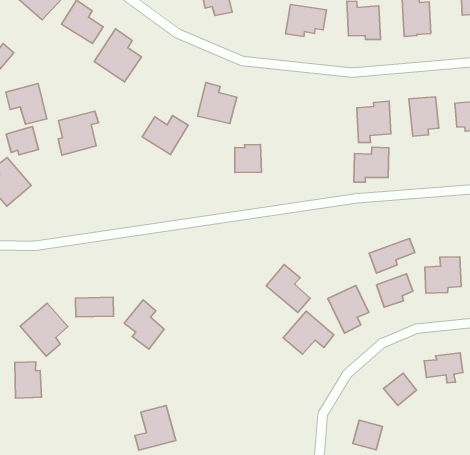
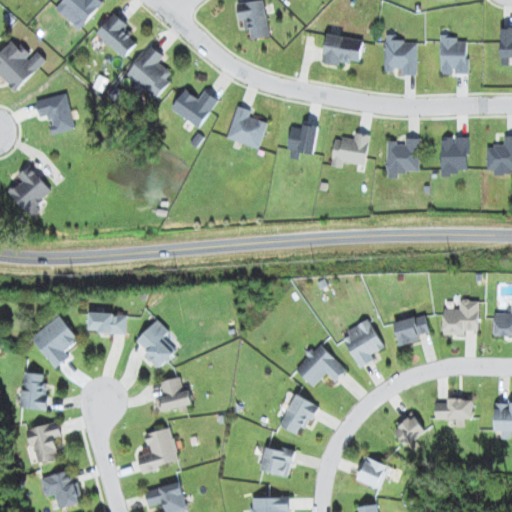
building: [58,111,99,155] -> none
building: [142,115,188,154] -> [171,89,218,128]
building: [6,127,39,155] -> none
building: [235,145,262,172] -> [288,124,316,153]
building: [354,147,389,182] -> [331,132,369,167]
building: [369,238,415,273] -> none
building: [266,265,310,312] -> none
building: none -> [159,376,192,410]
building: none -> [280,393,318,433]
building: none -> [28,421,61,462]
building: none -> [261,446,294,476]

